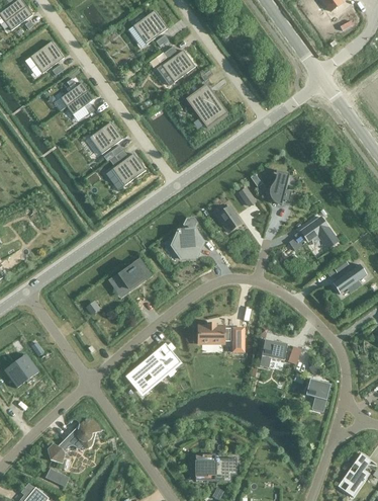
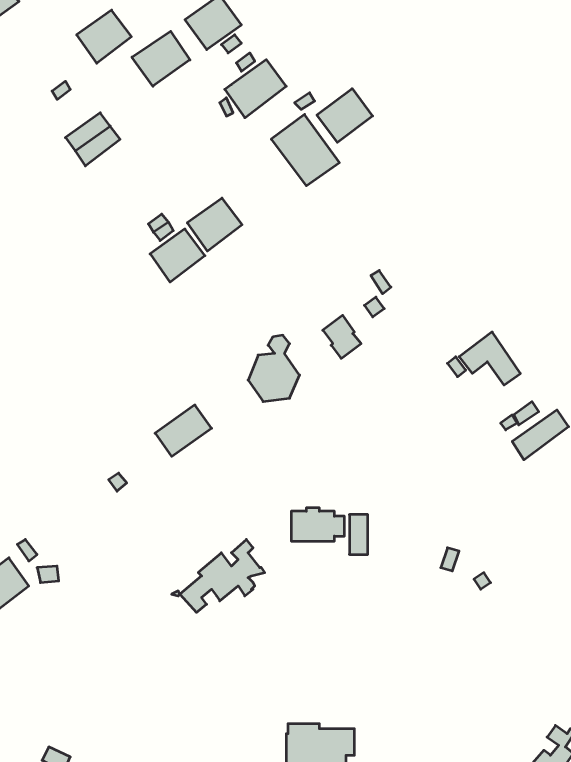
building: none -> [132,31,190,86]
building: [29,40,63,73] -> [77,10,131,63]
building: none -> [317,89,373,142]
building: [88,121,121,154] -> [187,198,242,251]
building: [268,169,290,203] -> none
building: [259,339,286,367] -> none
building: [304,379,329,412] -> none
building: [48,418,100,463] -> none

